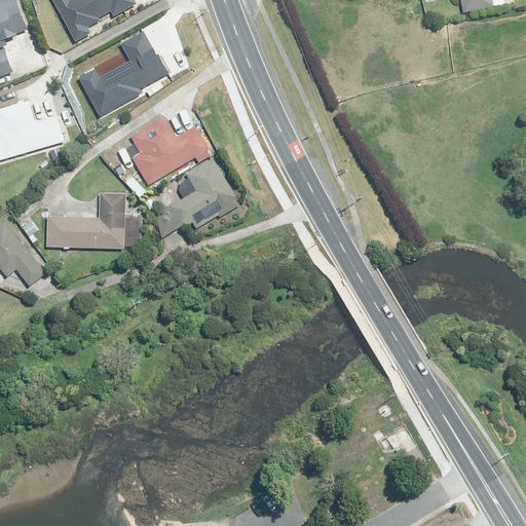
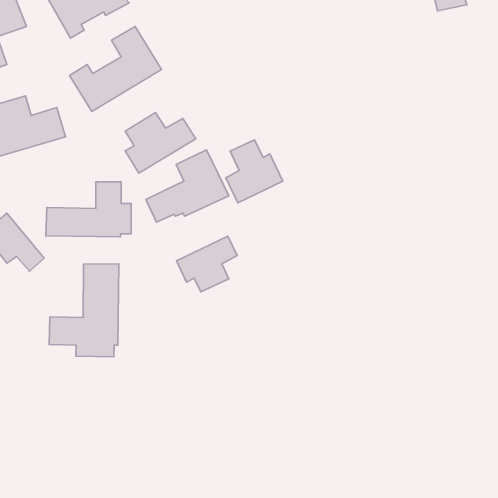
building: none -> [226,140,283,203]
building: none -> [176,236,237,292]
building: none -> [49,264,119,357]

